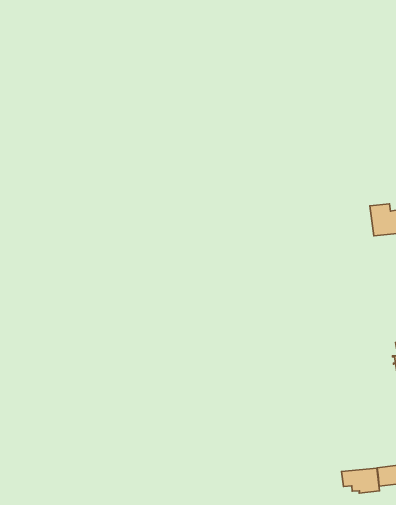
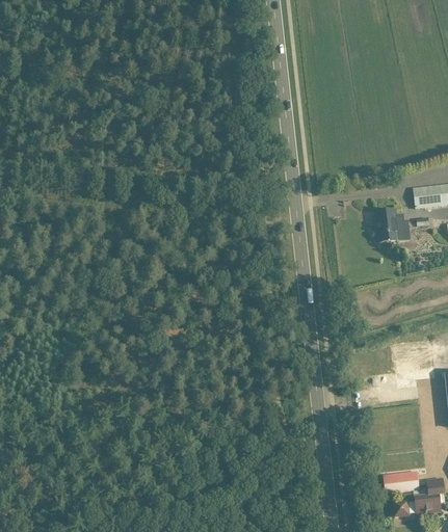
building: [342,468,380,493] -> none

